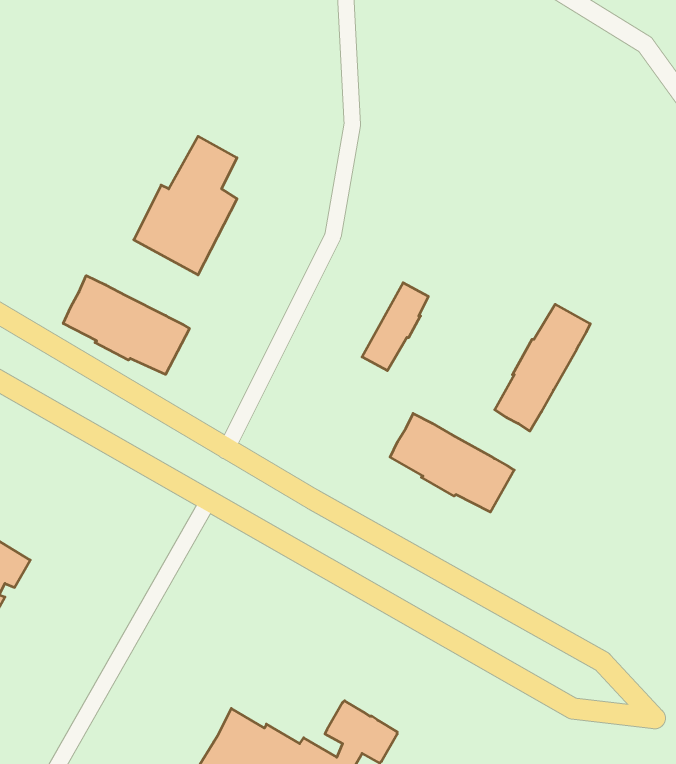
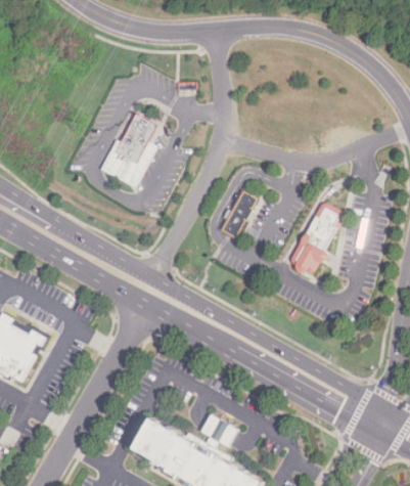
building: [63,276,189,374] -> none
building: [390,413,514,512] -> none

